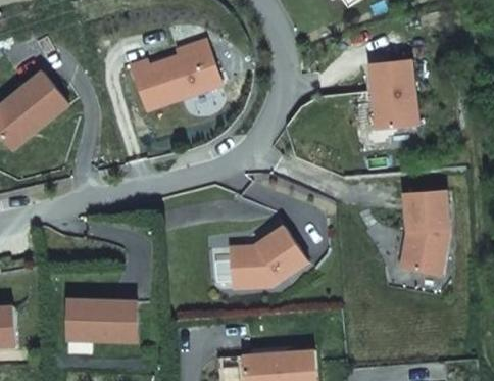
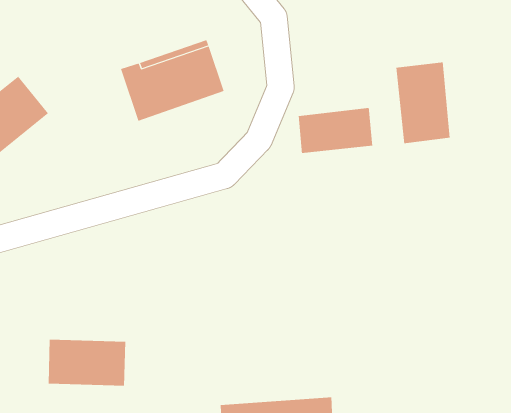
building: none -> [298,107,373,154]
building: [400,190,449,275] -> none
building: [229,226,307,288] -> none

